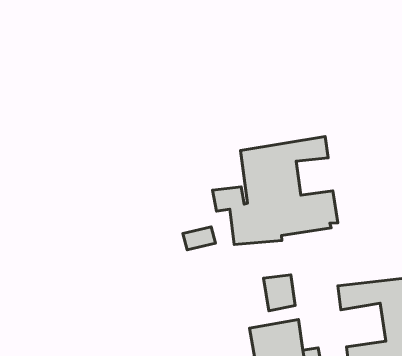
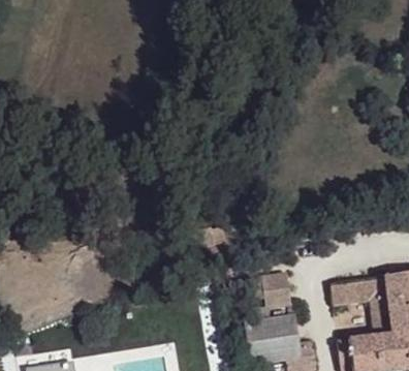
building: [213,136,338,245] -> none

